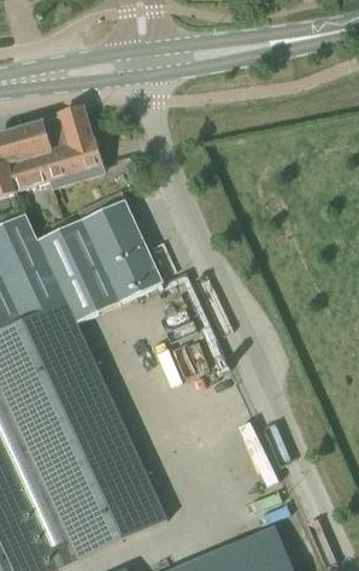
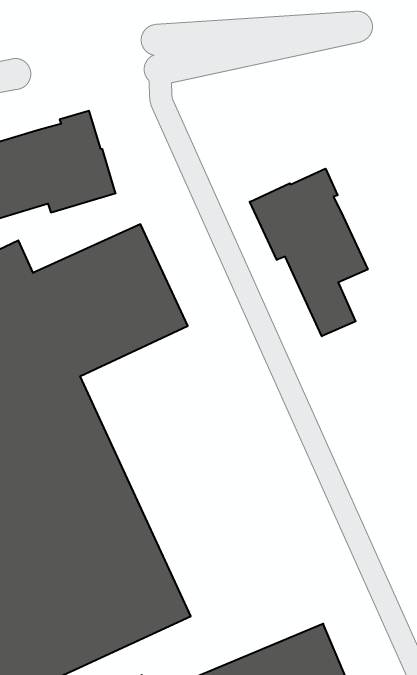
building: none -> [250,169,368,336]

